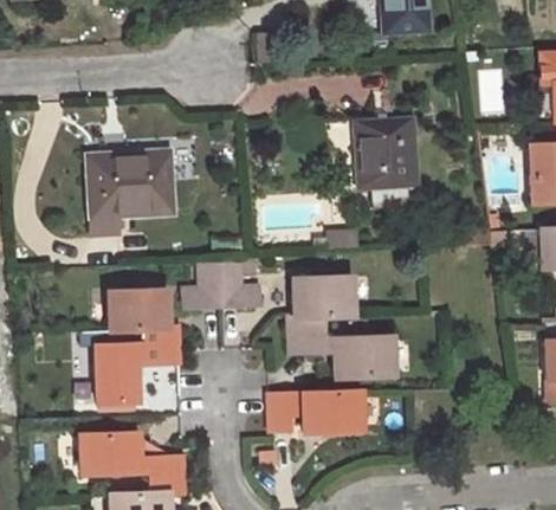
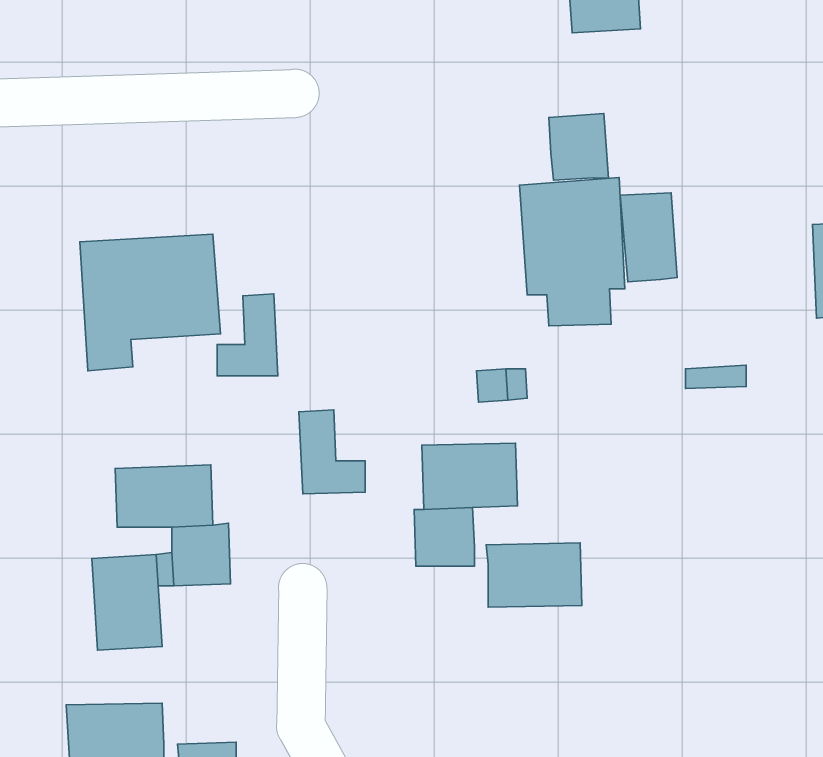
building: none -> [549,114,609,180]
building: none -> [620,193,677,282]
building: [185,258,221,308] -> [217,294,278,376]
building: [267,390,360,433] -> none

